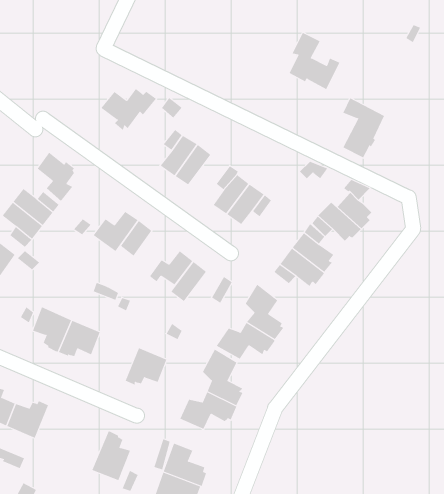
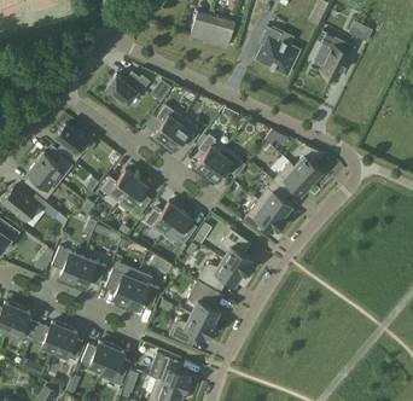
building: none -> [190,11,235,50]
building: [342,98,385,158] -> [320,31,354,80]
building: none -> [105,269,136,306]
building: none -> [54,325,83,360]
building: none -> [81,342,112,377]

